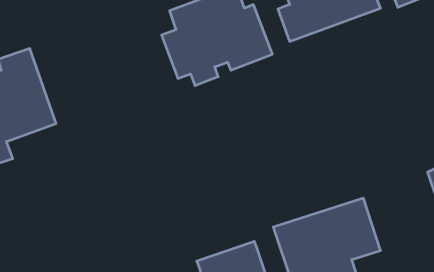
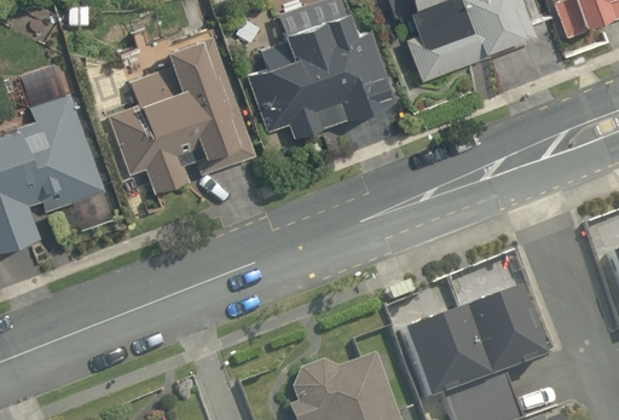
building: none -> [104,33,253,192]

